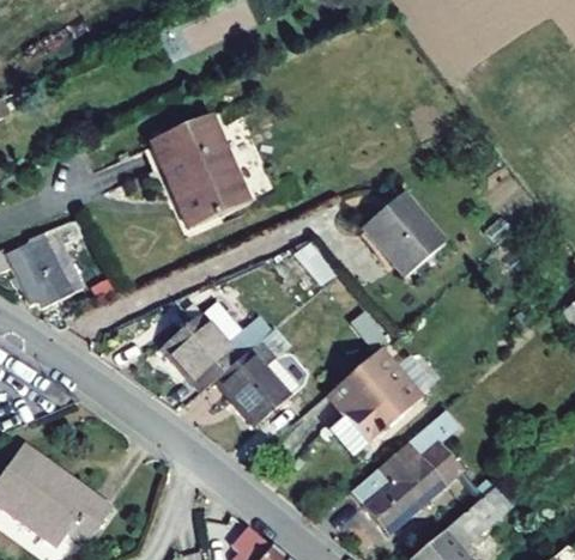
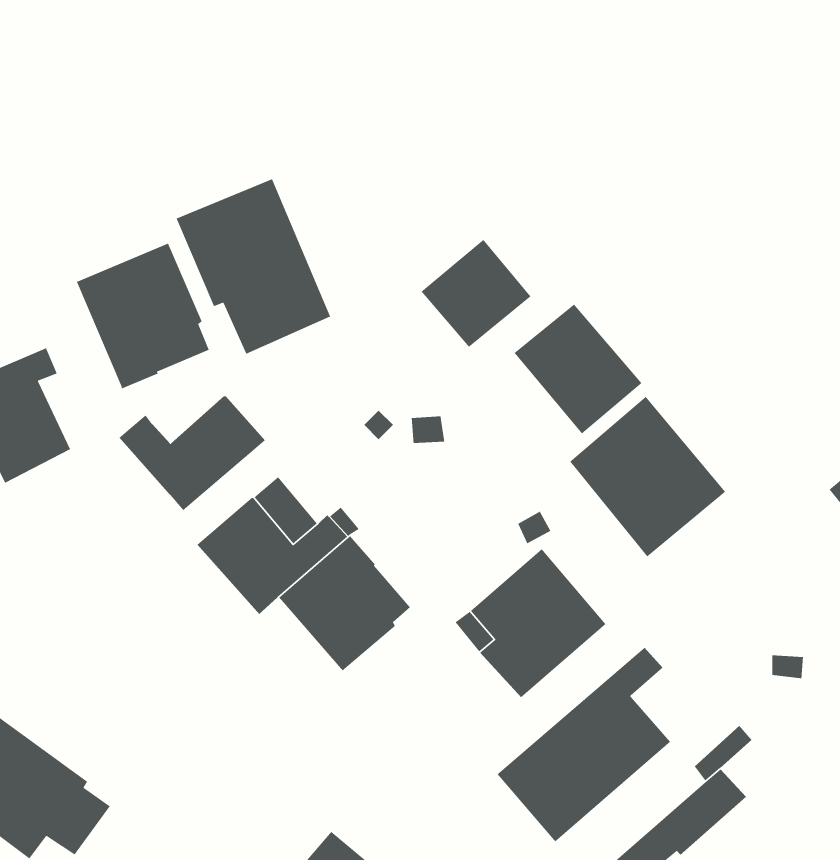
building: none -> [420,239,532,348]
building: none -> [76,242,210,389]
building: none -> [119,395,266,511]
building: none -> [569,396,726,557]

